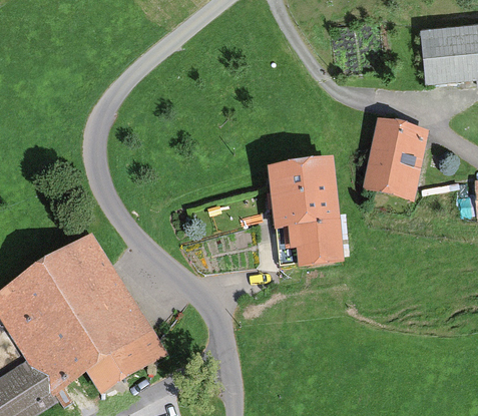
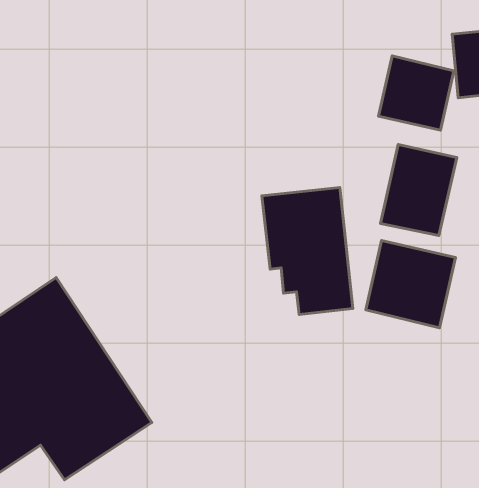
building: none -> [379,56,454,130]
building: none -> [366,241,456,328]

